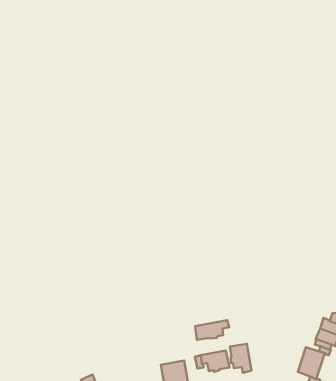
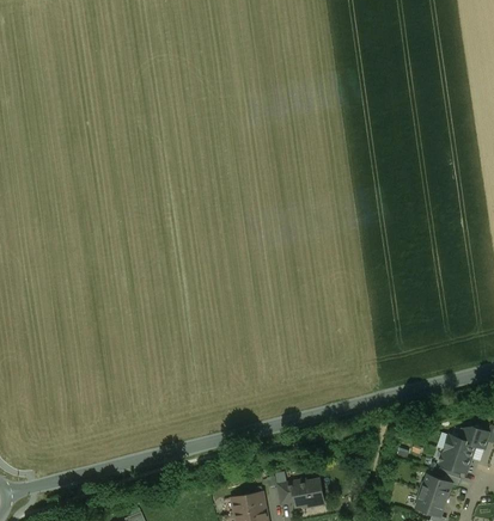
building: [195,320,229,340] -> none
building: [230,344,252,373] -> none

